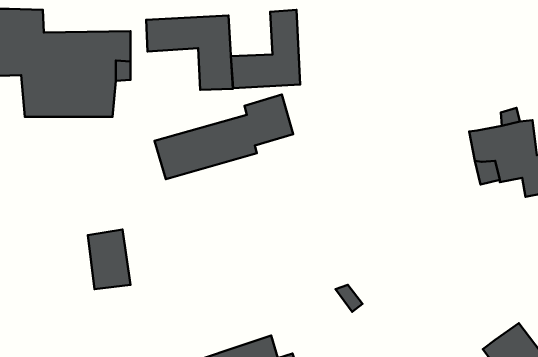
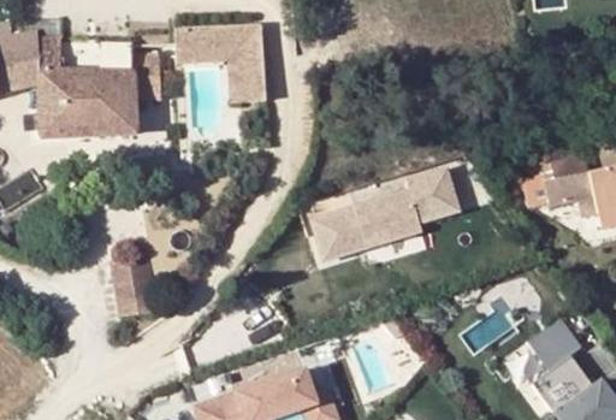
building: [231,10,300,88] -> none
building: [155,95,293,179] -> [308,171,456,261]
building: none -> [528,324,579,373]

